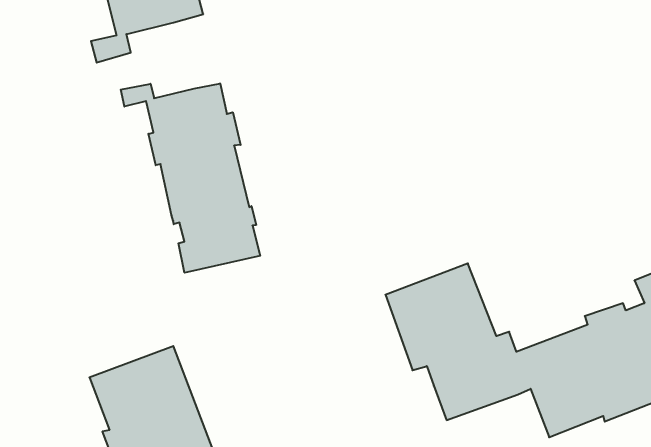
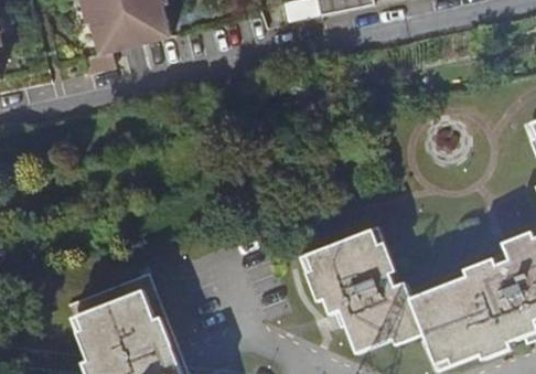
building: [121,83,260,273] -> none

